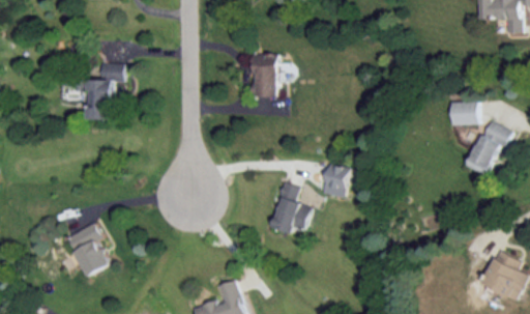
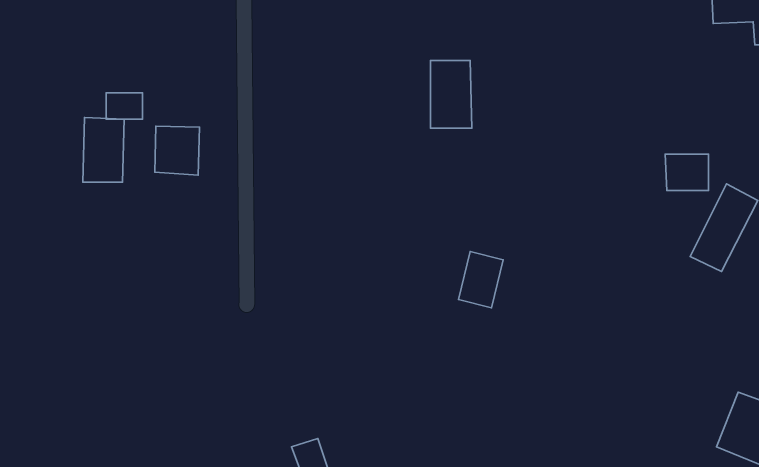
building: [252,54,277,96] -> [430,60,472,128]
building: none -> [155,126,199,175]
building: [271,181,311,234] -> none
building: [66,222,110,277] -> none

